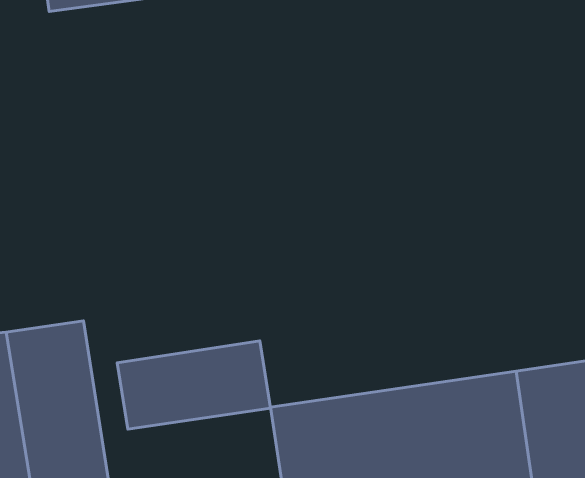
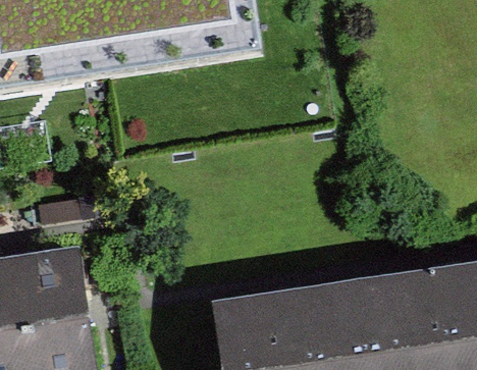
building: [117,341,271,429] -> none

